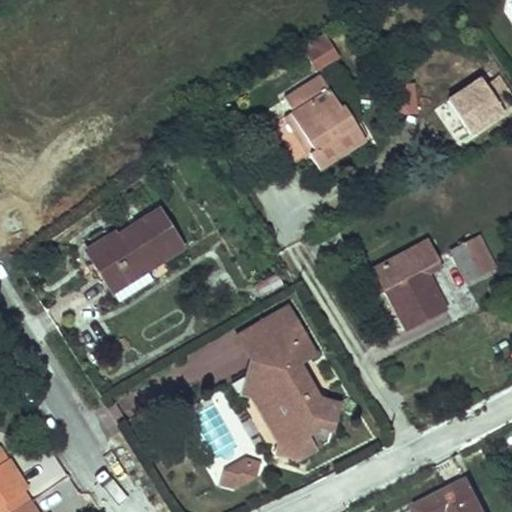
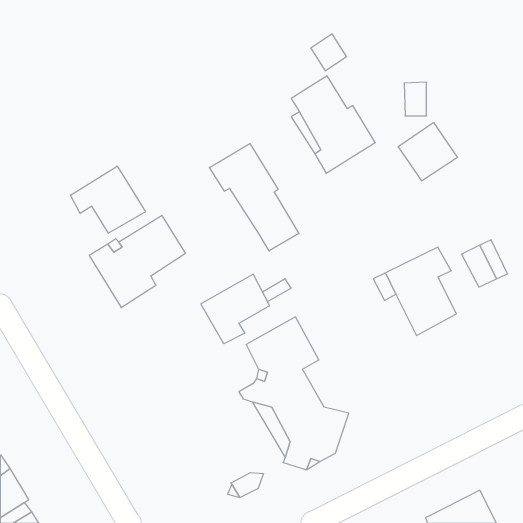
building: [447,77,505,134] -> [398,122,458,181]
building: none -> [209,144,299,251]
building: none -> [70,166,145,233]
building: none -> [201,274,270,344]

